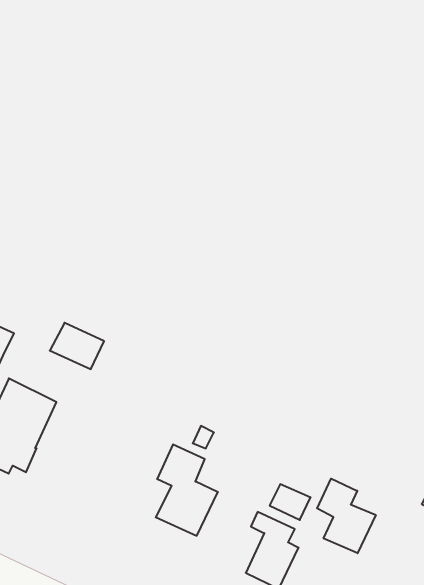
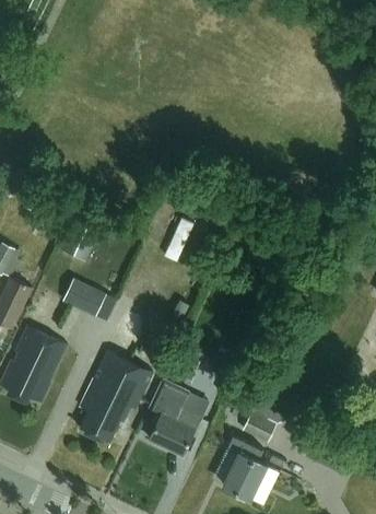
building: none -> [79,351,152,444]
building: [317,479,376,553] -> none

